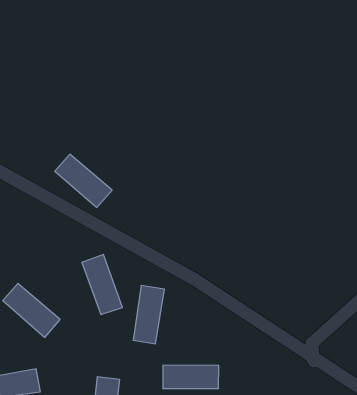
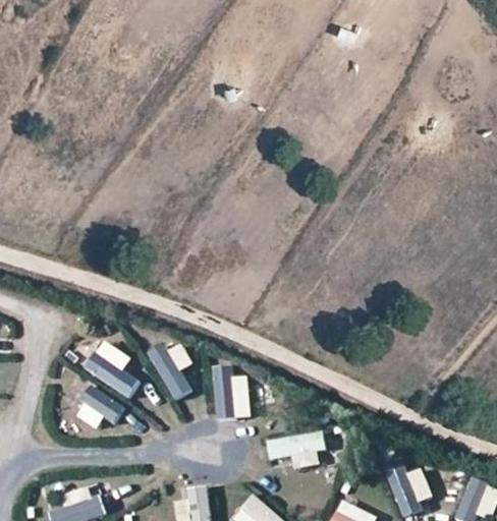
building: [55,154,112,207] -> [77,341,147,397]

